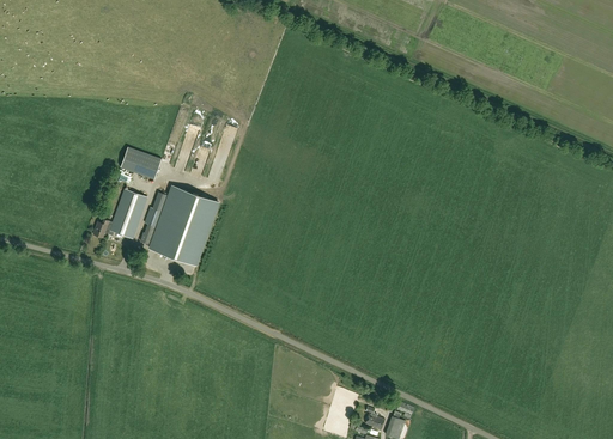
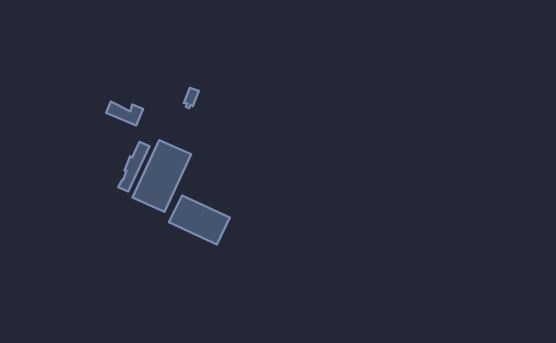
building: [95,190,148,239] -> none
building: none -> [169,195,230,245]

